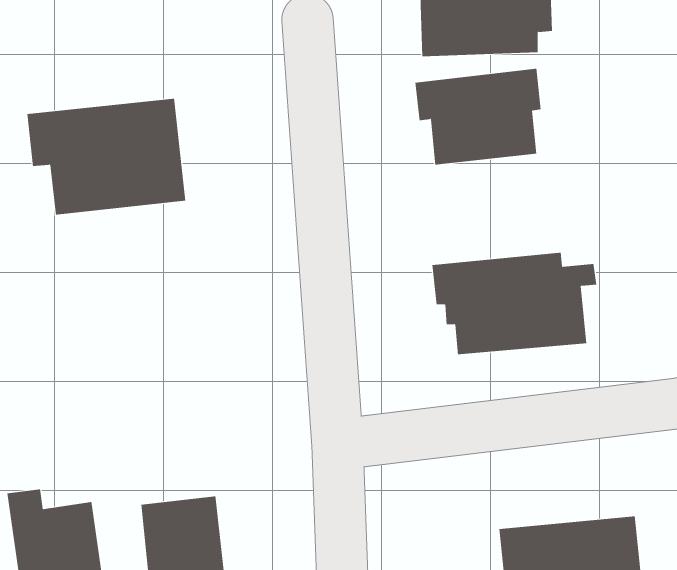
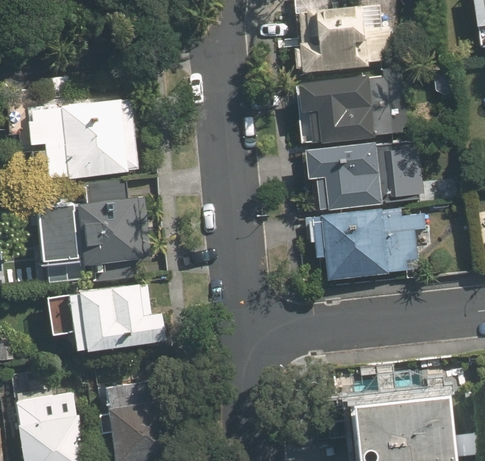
building: none -> [306,141,383,211]
building: none -> [390,146,425,200]
building: none -> [34,178,144,266]
building: none -> [51,283,165,351]

